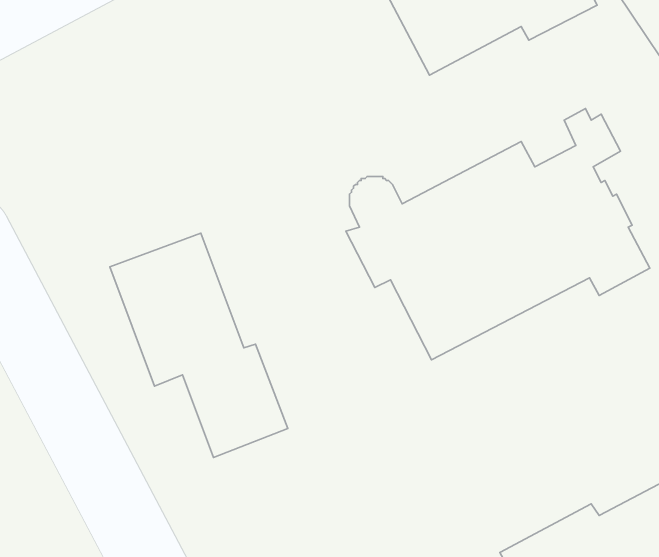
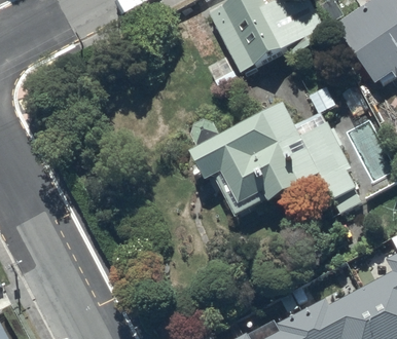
building: [110,233,288,457] -> none

